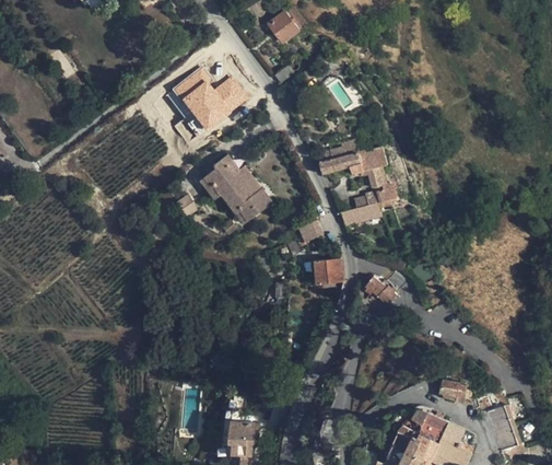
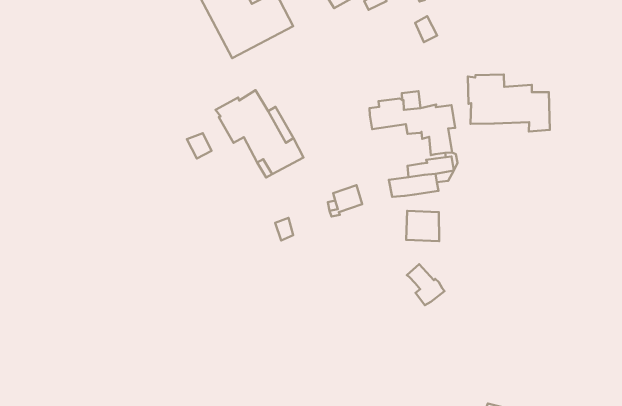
building: none -> [468,74,550,132]
building: [314,258,342,283] -> [406,211,439,241]

